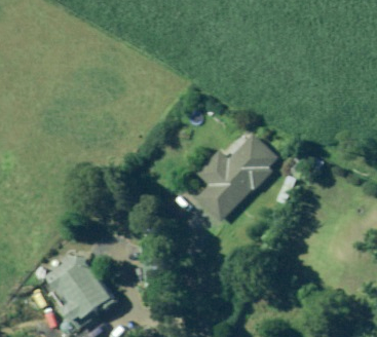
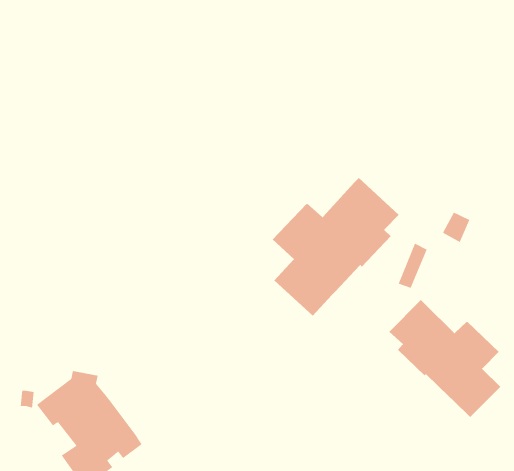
building: none -> [389,299,501,418]

